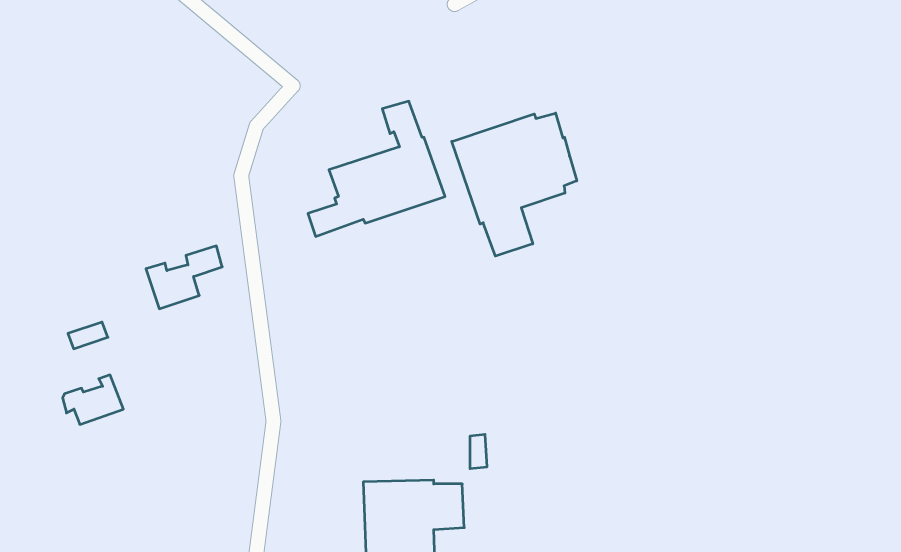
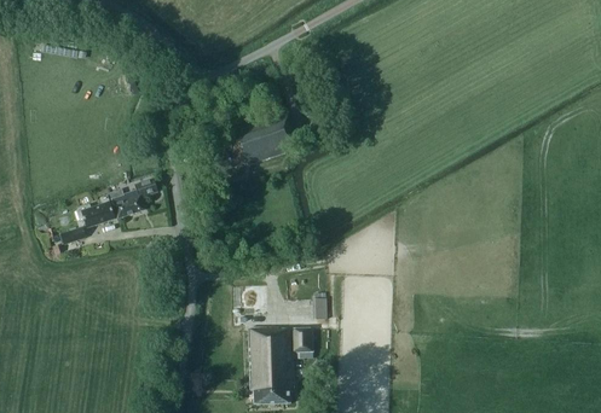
building: [452,113,577,256] -> none
building: [63,375,123,424] -> [76,197,115,228]

